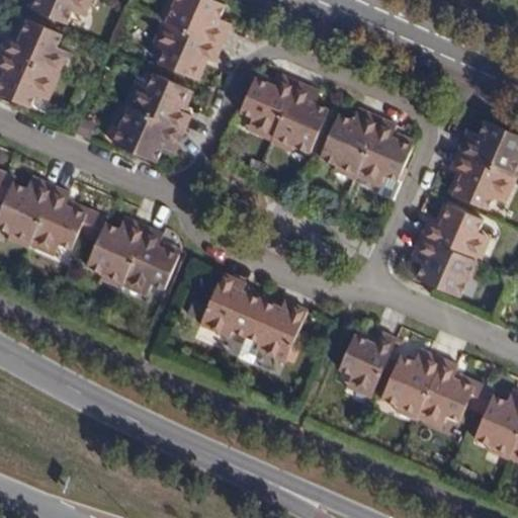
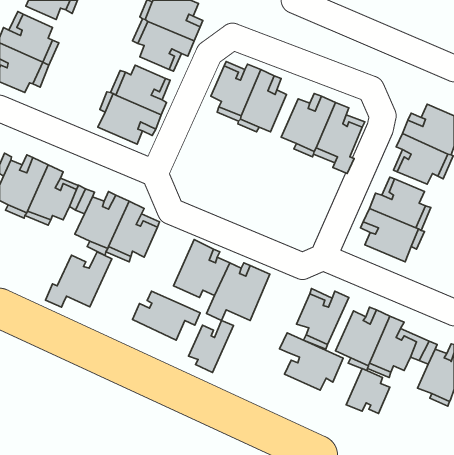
building: none -> [46,252,112,307]
building: none -> [132,291,200,340]
building: none -> [188,321,234,373]
building: none -> [280,333,343,390]
building: none -> [346,369,390,413]

